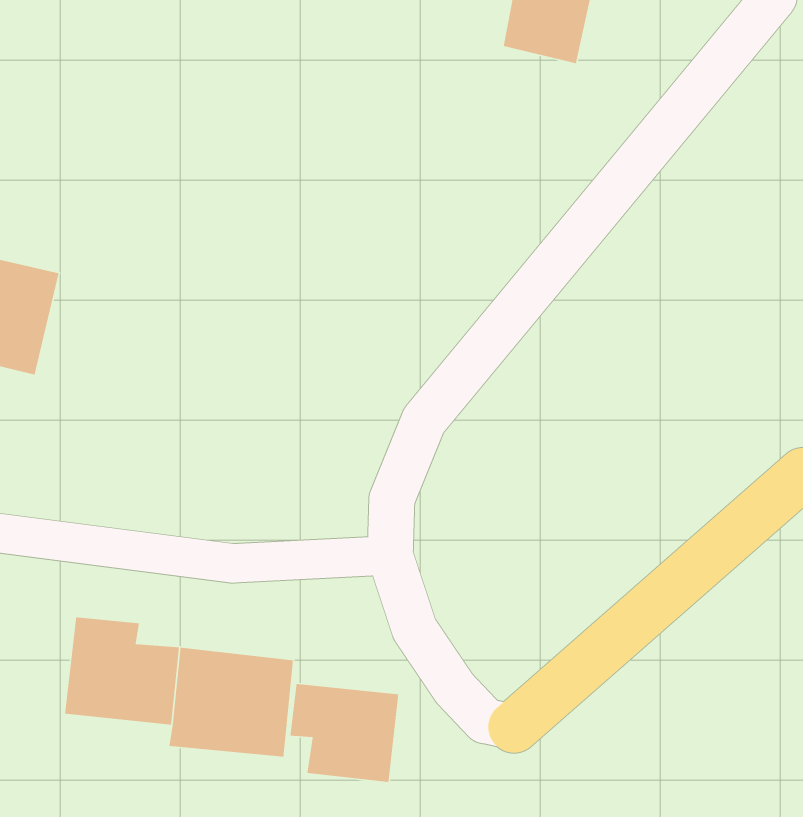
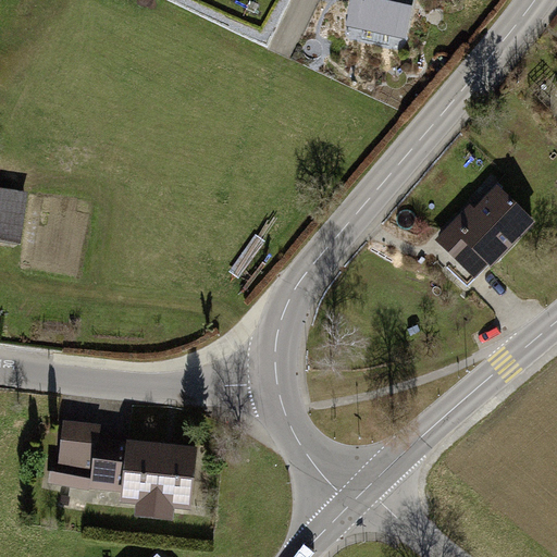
building: none -> [436,185,534,277]
building: [290,683,399,783] -> none

